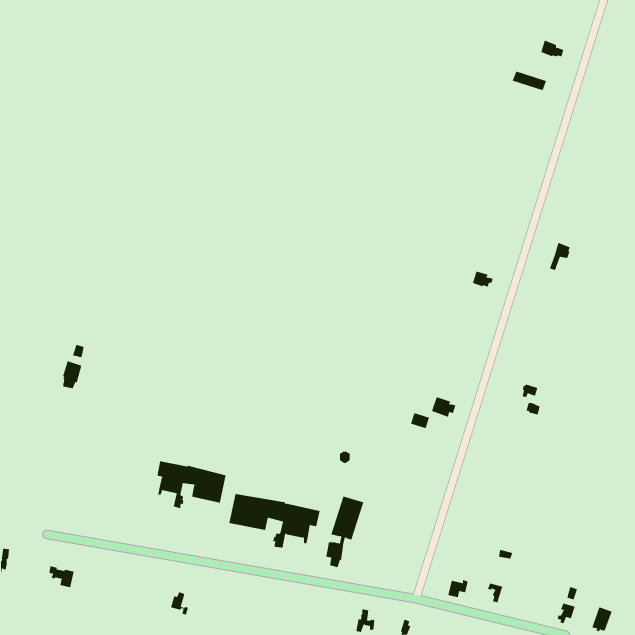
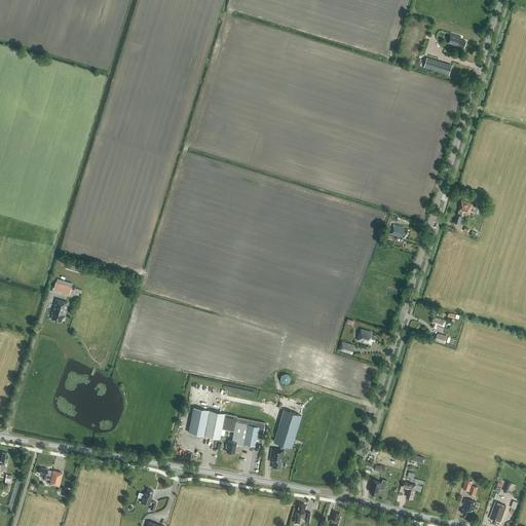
building: [157,460,226,509] -> none

